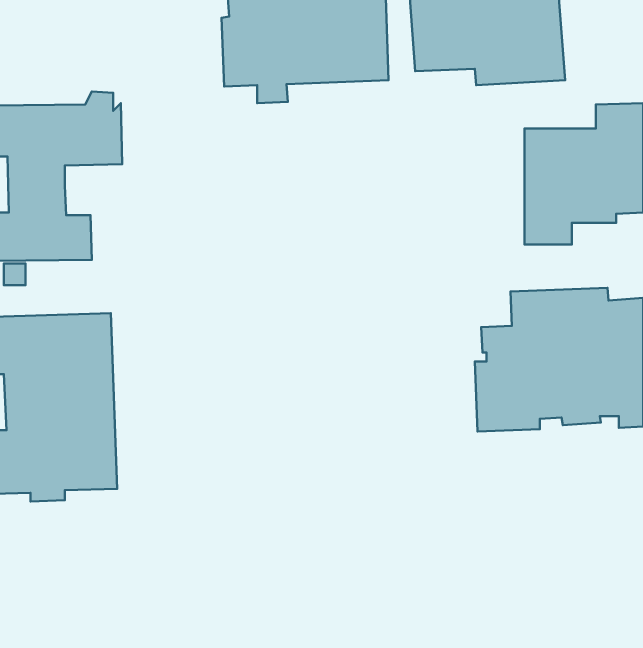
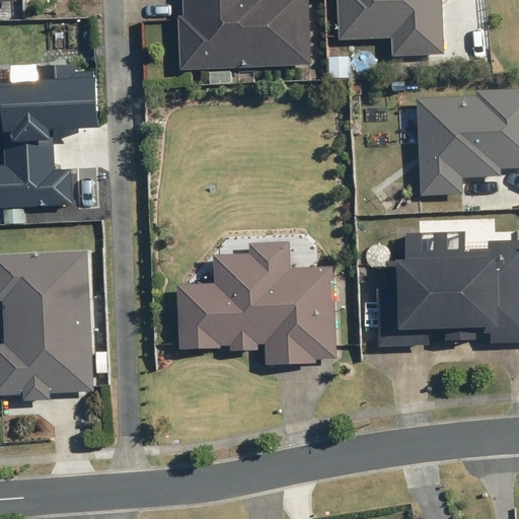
building: none -> [177,240,337,362]

